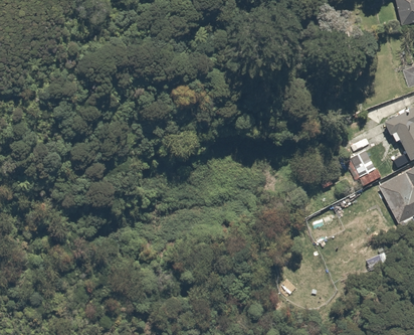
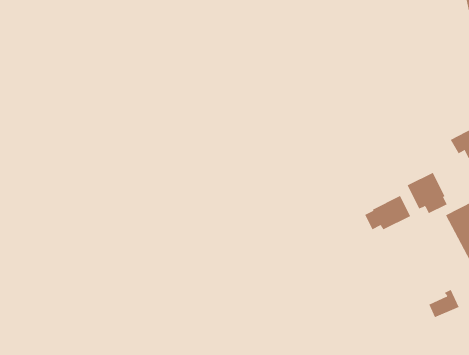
building: none -> [364,195,411,230]

